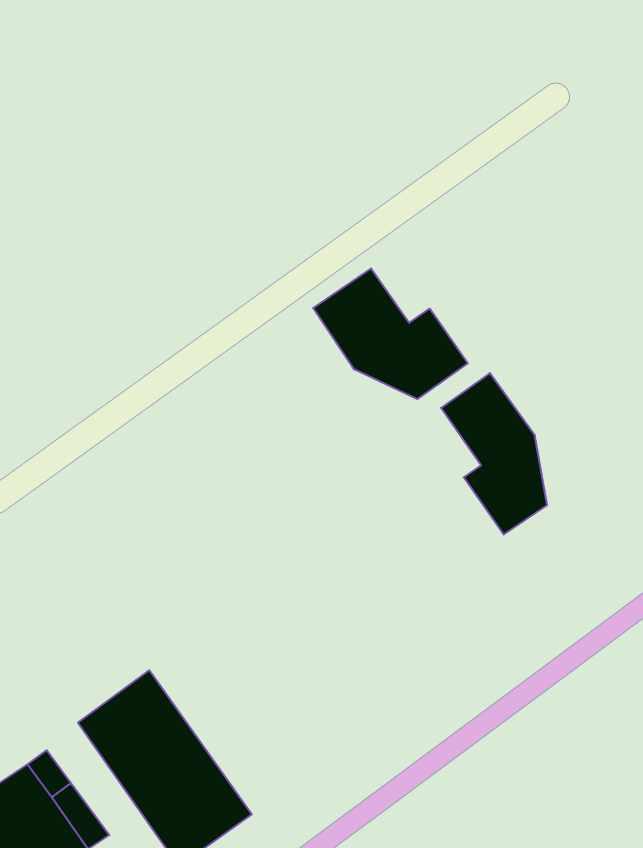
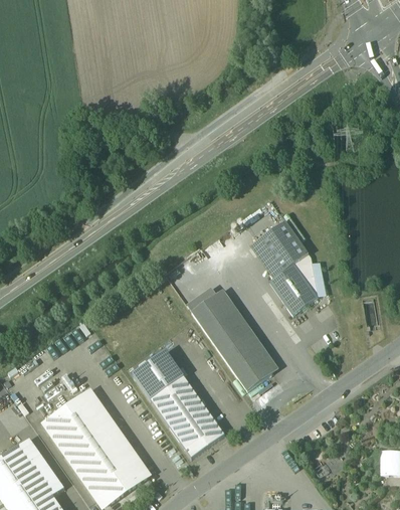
building: [313,268,468,399] -> none
building: none -> [191,293,271,389]
building: none -> [134,351,224,456]

